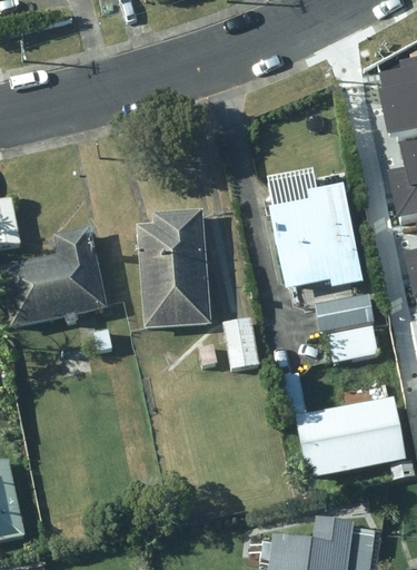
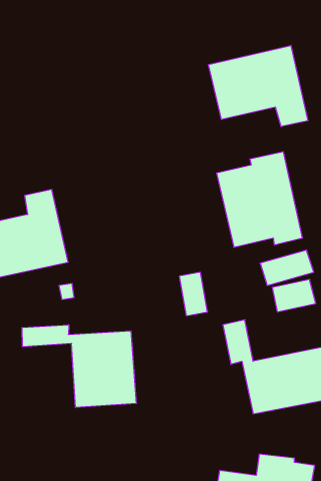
building: none -> [208,45,308,127]
building: [137,208,209,326] -> none
building: none -> [22,325,136,408]

